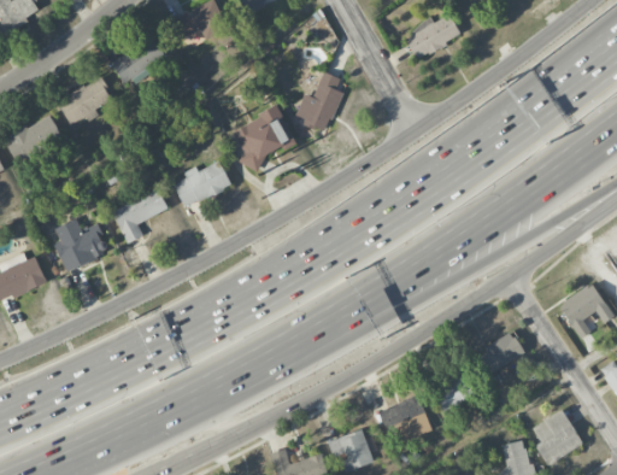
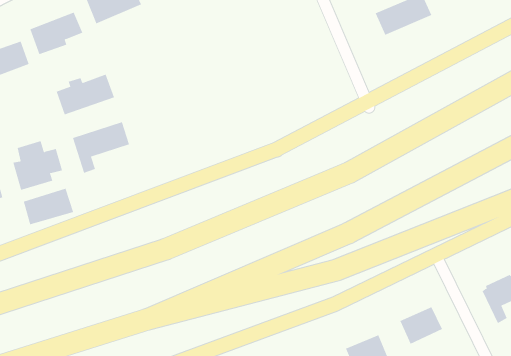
building: [300,71,347,130] -> none
building: [239,101,302,171] -> none
building: [177,157,239,205] -> [56,74,115,115]
building: none -> [23,188,74,225]

